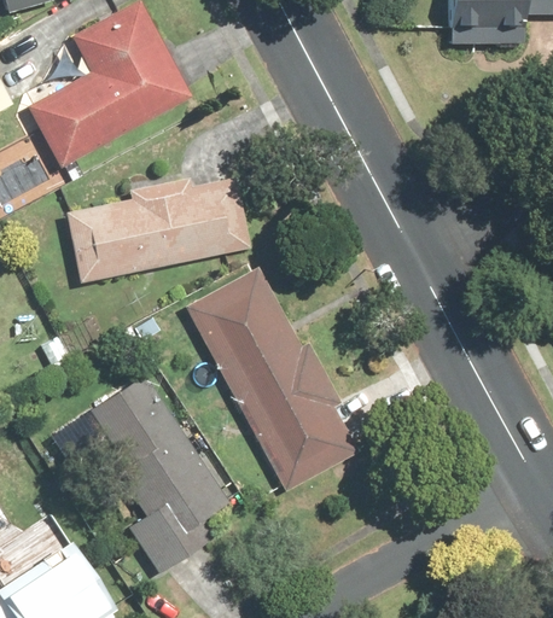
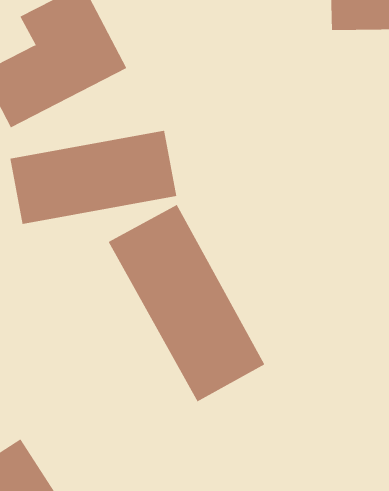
building: [78,368,244,576] -> none

